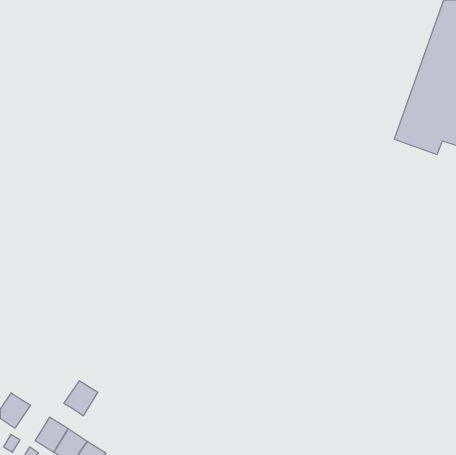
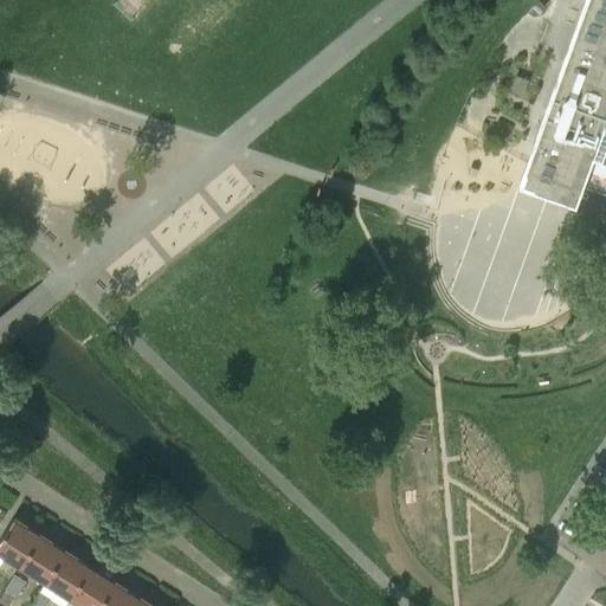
building: [64,381,98,416] -> [24,540,69,586]

